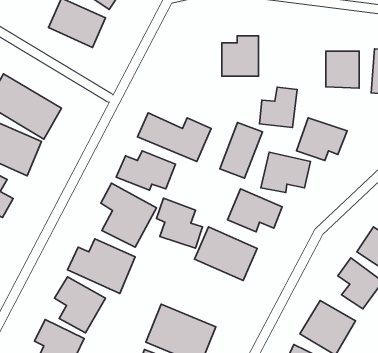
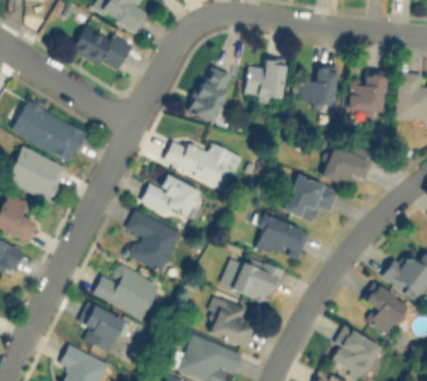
building: [259,87,297,127] -> [299,65,337,106]
building: [220,122,262,178] -> [189,65,232,121]
building: [156,198,203,248] -> [207,296,253,346]

